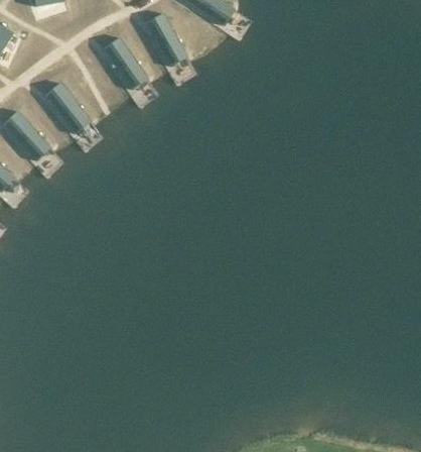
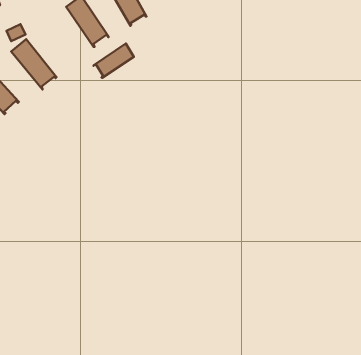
building: none -> [93,43,134,78]

